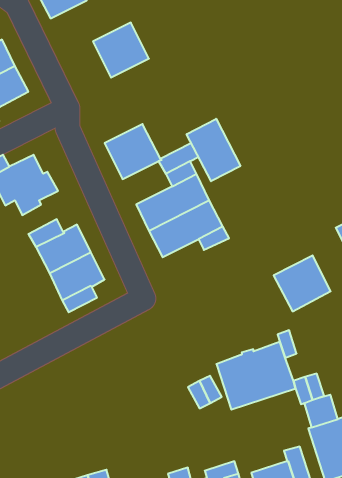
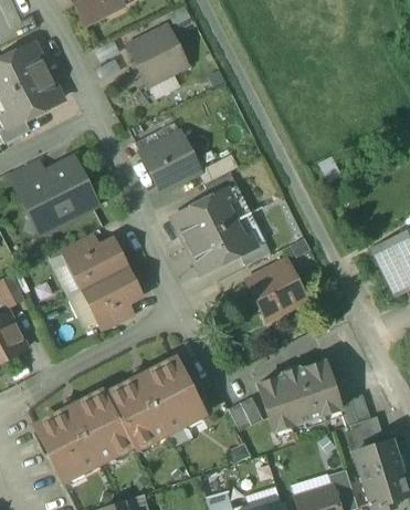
building: [187,119,240,181] -> none
building: [274,255,331,311] -> [246,260,306,319]
building: none -> [38,362,201,478]

